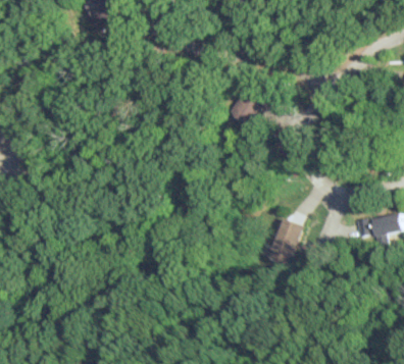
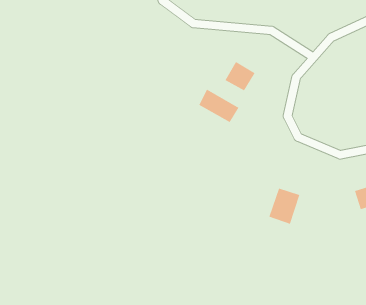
building: none -> [198,89,239,123]

